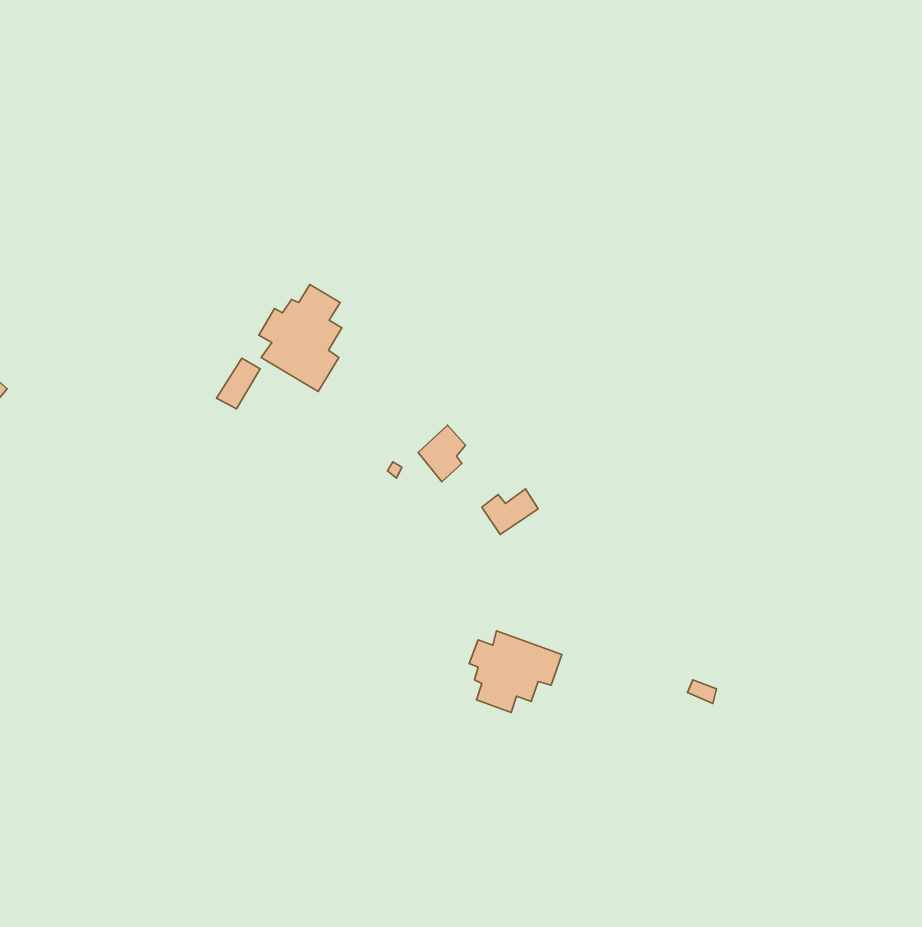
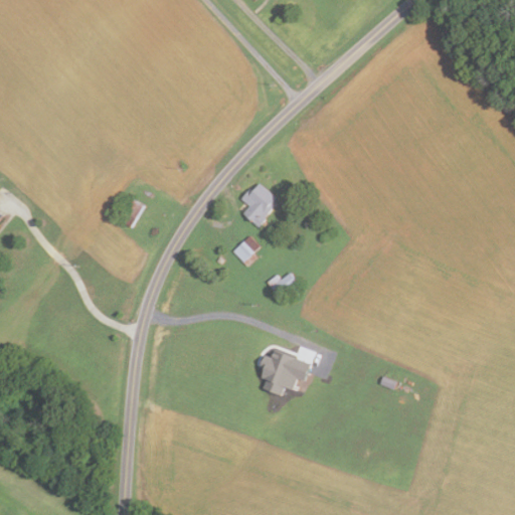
building: [259,285,342,392] -> none
building: none -> [240,183,278,227]

